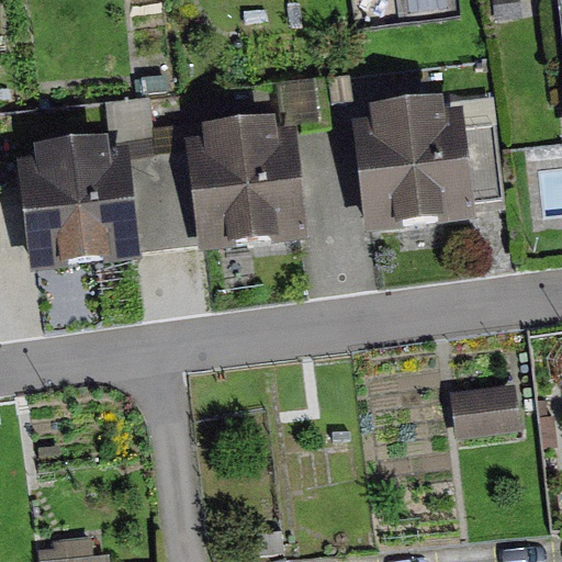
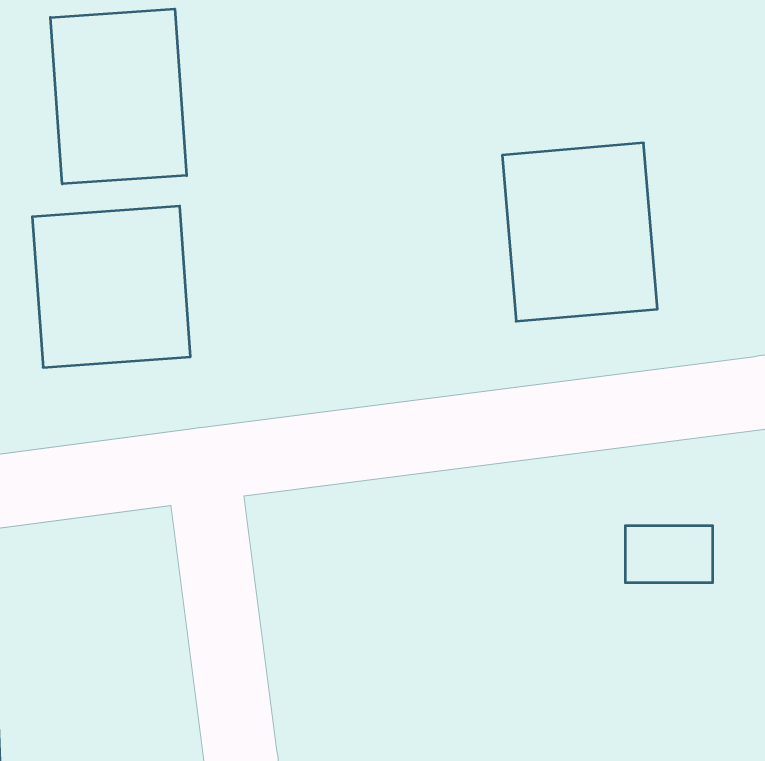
building: none -> [50,9,187,184]
building: [186,119,302,240] -> none

